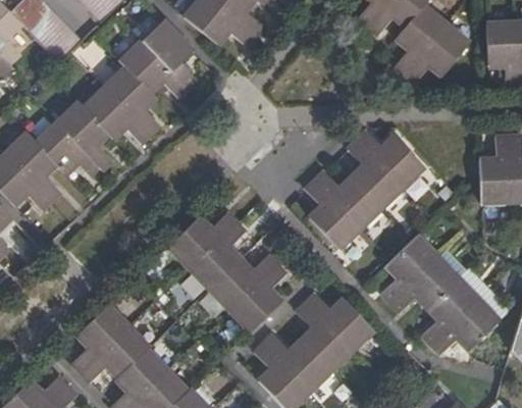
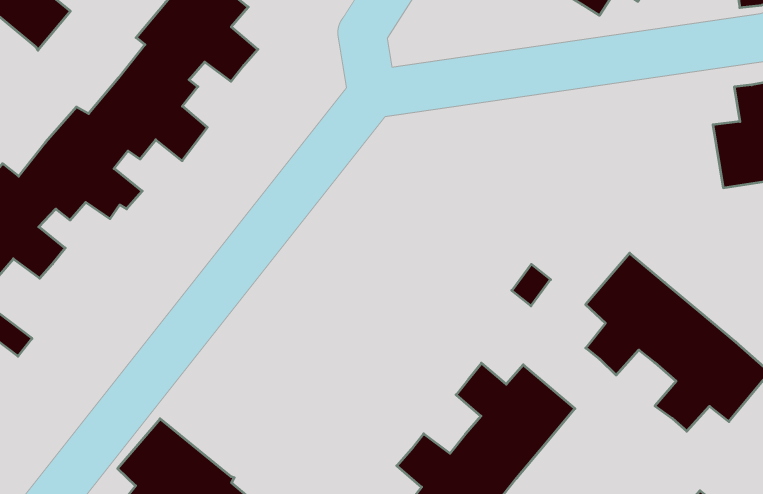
building: [305,132,423,247] -> none
building: [169,213,285,330] -> none

